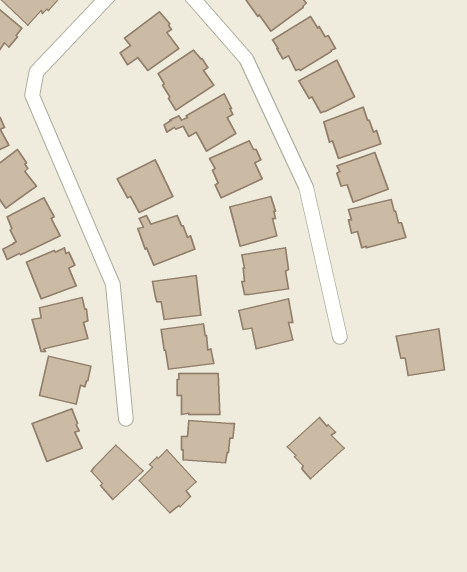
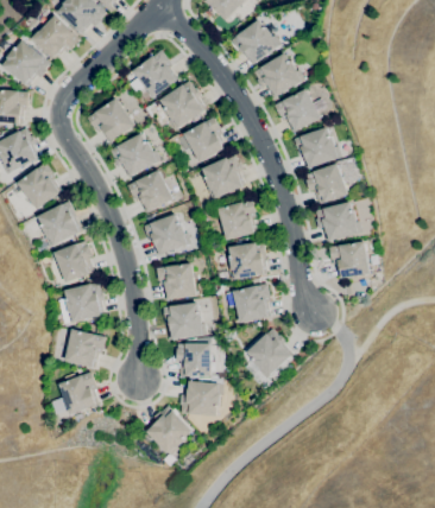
building: none -> [89,99,135,142]
building: none -> [111,133,162,178]
building: [396,329,445,376] -> [330,241,370,279]
building: [287,417,344,479] -> [247,329,294,379]
building: [91,445,143,500] -> none

